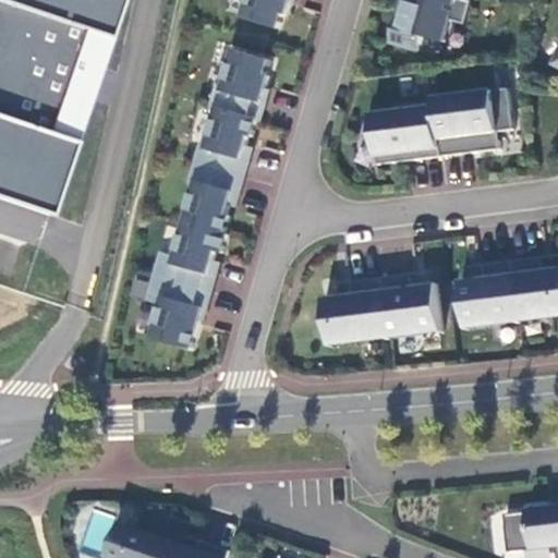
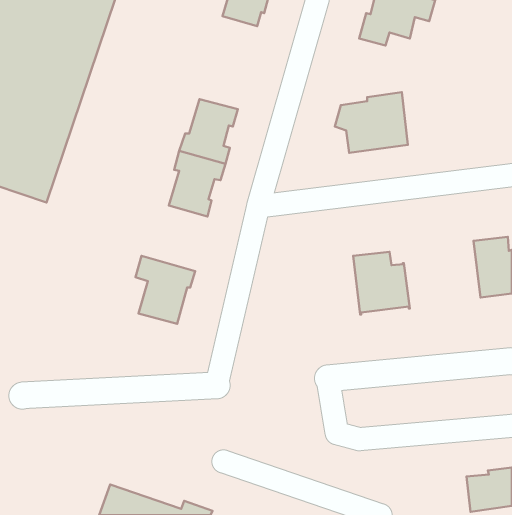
building: [209,49,268,119] -> none
building: [432,87,513,156] -> none
building: [153,221,227,292] -> none
building: [458,259,518,329] -> none
building: [322,276,388,347] -> none

